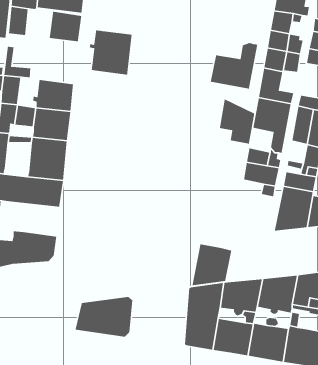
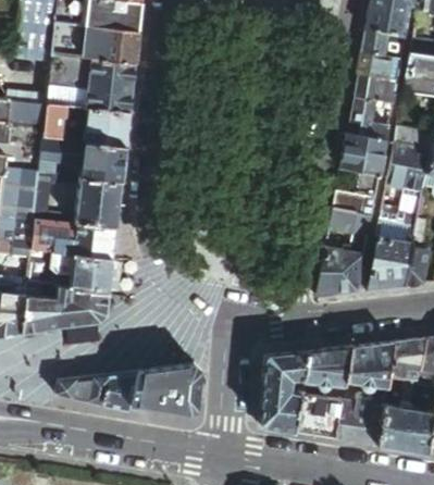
building: [89,29,132,76] -> [85,62,136,116]
building: [210,42,258,89] -> none
building: [219,98,255,145] -> none
building: none -> [52,256,114,296]
building: [192,244,232,286] -> [317,248,364,298]
building: none -> [59,374,139,413]

